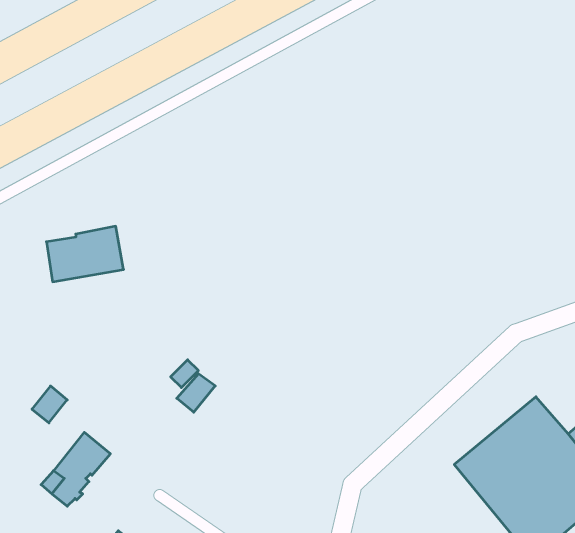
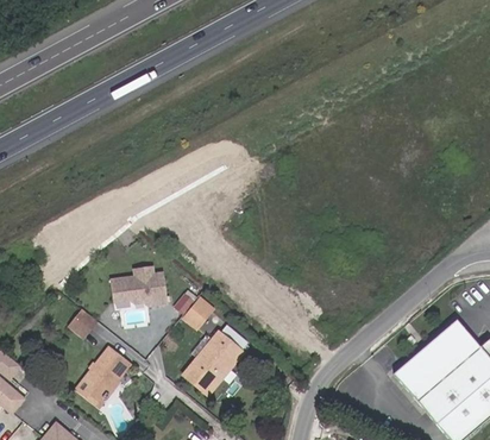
building: [46,226,124,282] -> [114,262,174,304]
building: none -> [186,328,235,386]

